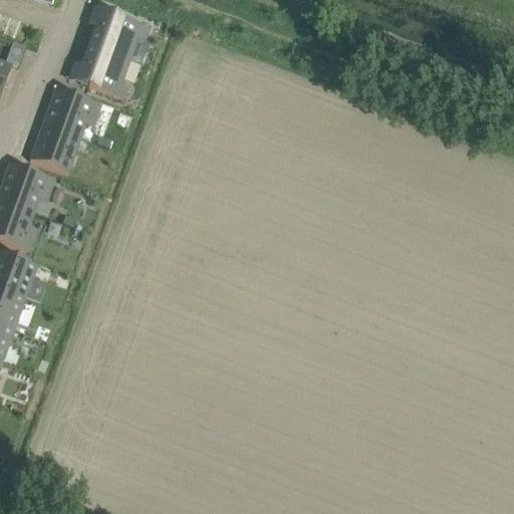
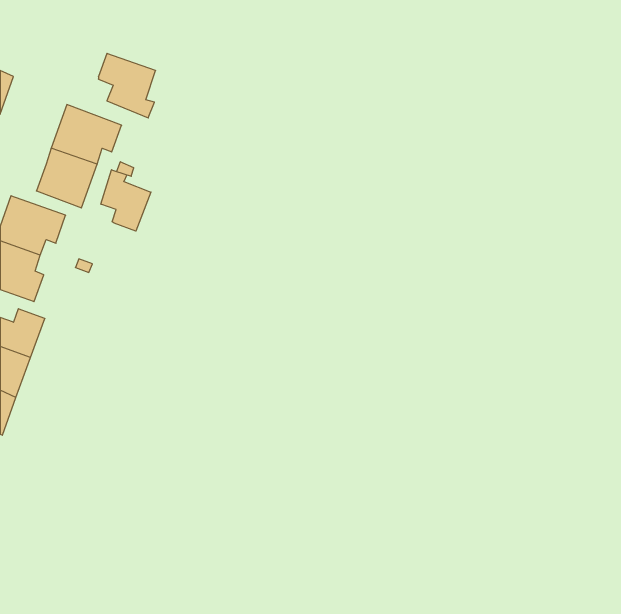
building: [88,13,149,58] -> none
building: none -> [101,170,151,231]

